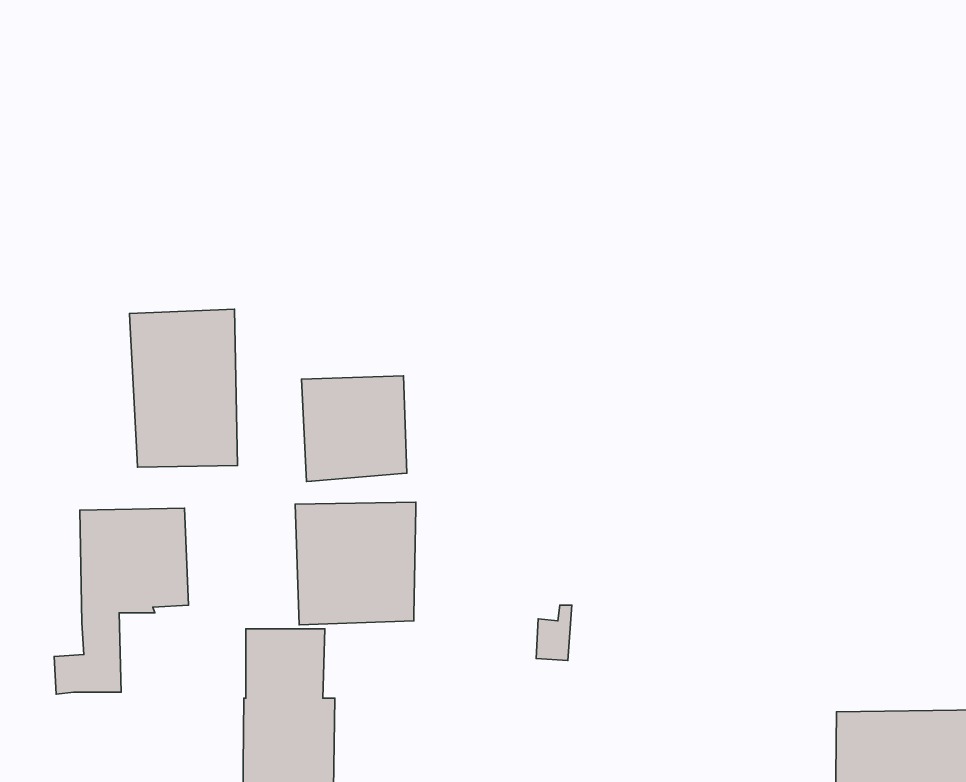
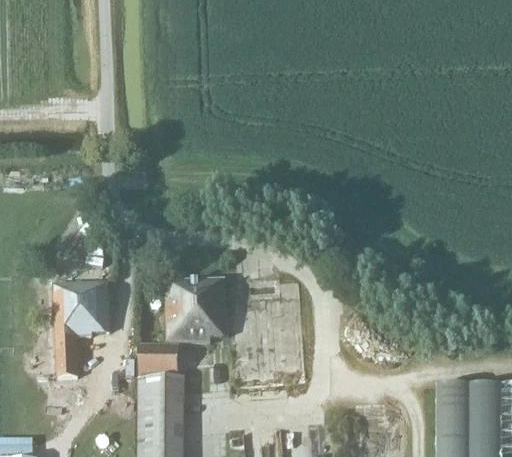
building: [129,309,237,467] -> none
building: [302,376,407,481] -> none

